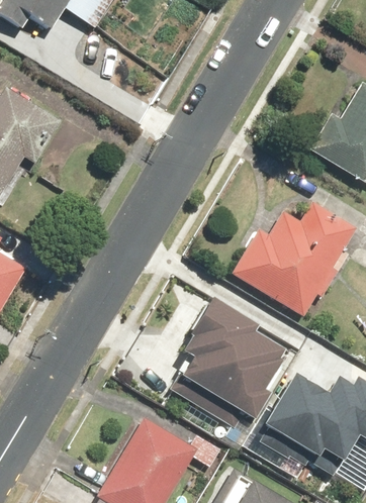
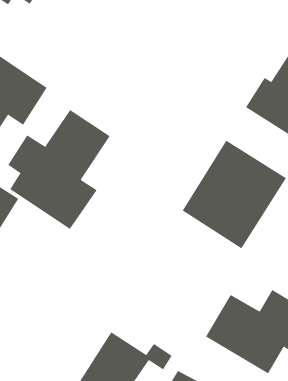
building: none -> [8,109,111,230]
building: [173,295,295,429] -> none

